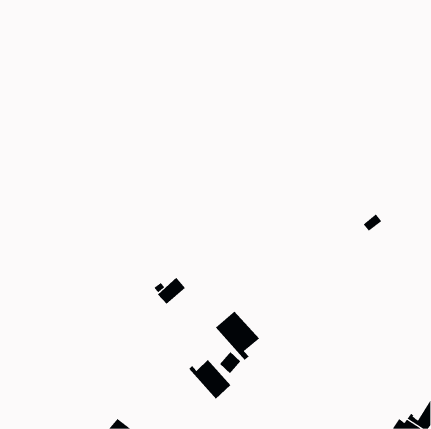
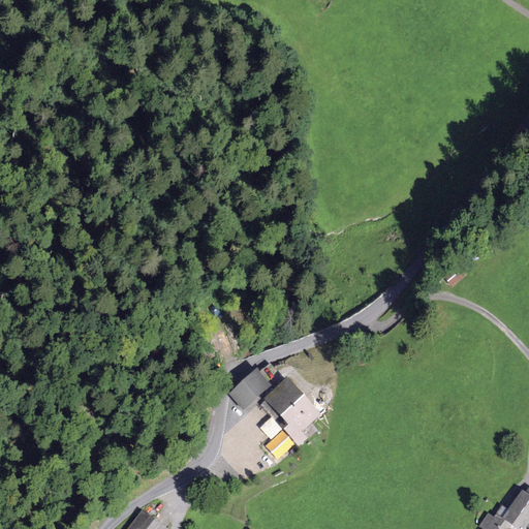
building: [157,277,186,305] -> [232,371,268,405]
building: [188,359,231,400] -> none

